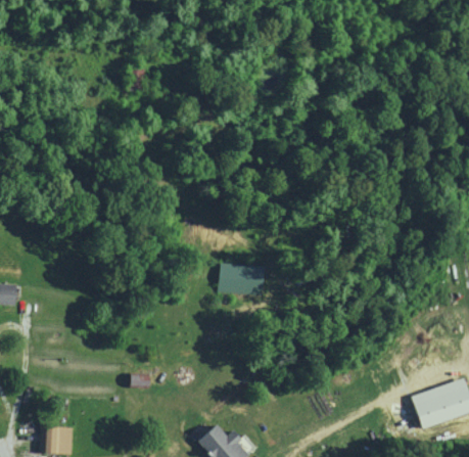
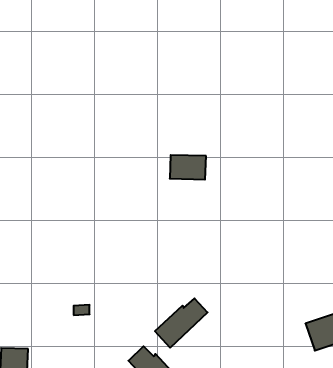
building: [221,265,265,294] -> [170,155,206,180]
building: none -> [155,298,208,348]

